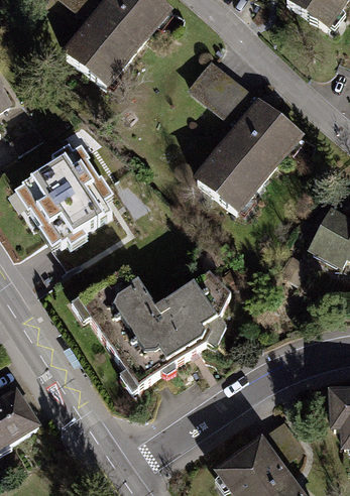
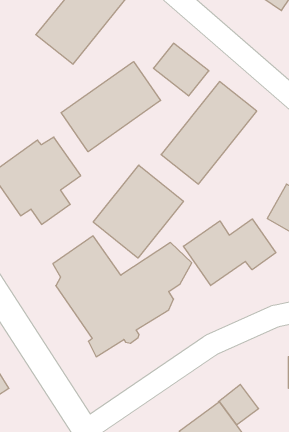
building: none -> [61,62,161,152]
building: none -> [93,165,183,258]
building: none -> [183,219,276,286]

